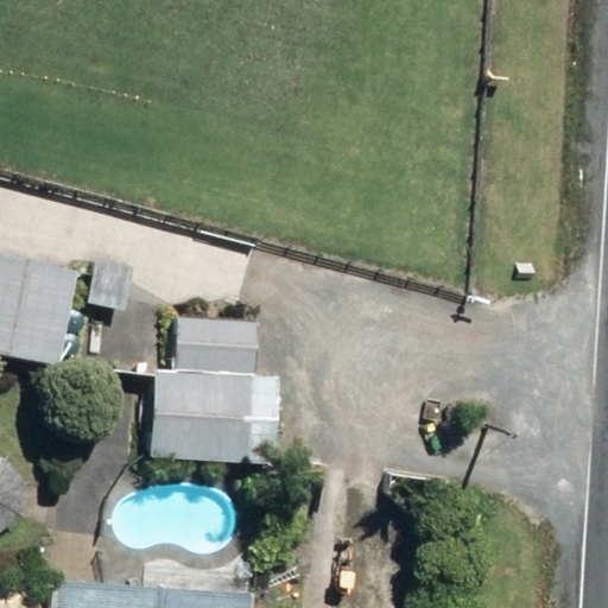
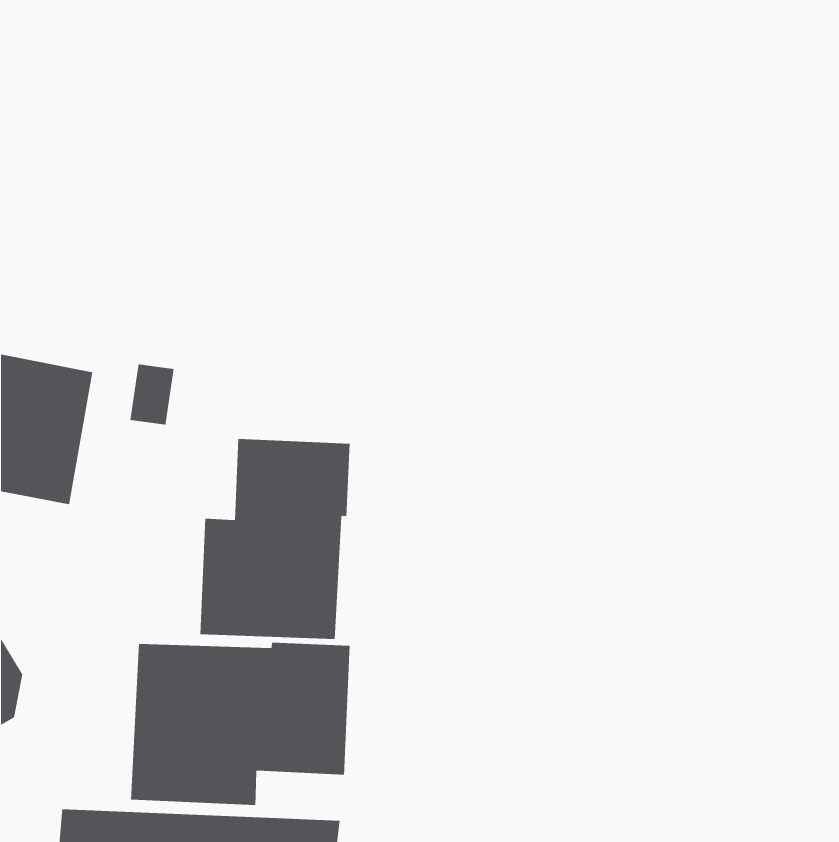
building: none -> [130,642,350,806]

